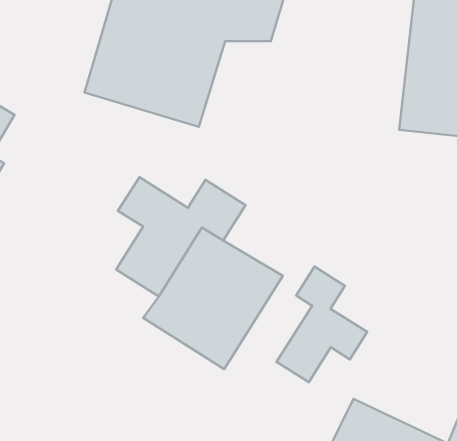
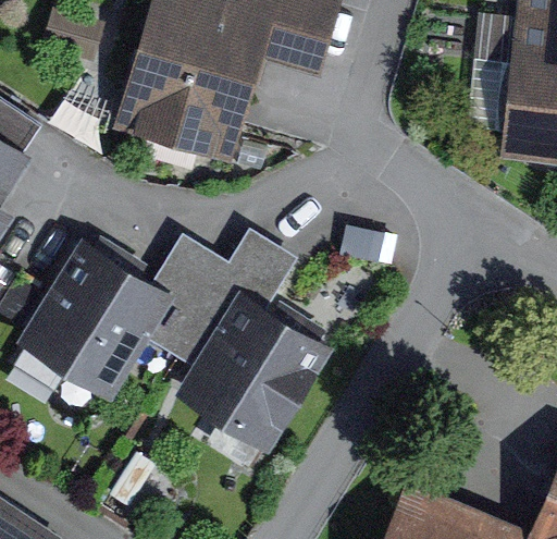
building: none -> [20,231,176,393]
building: [276,267,367,382] -> none

